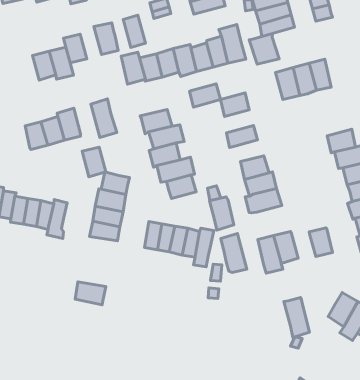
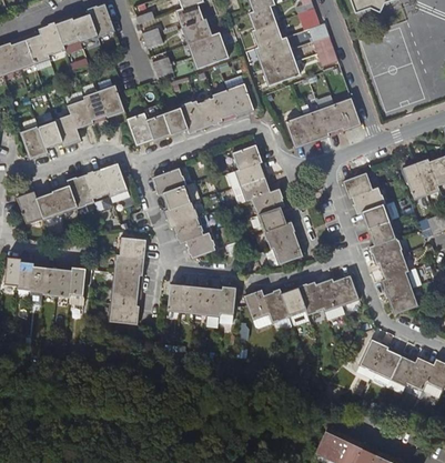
building: [123,15,145,47] -> [83,90,108,123]
building: [249,33,279,64] -> none
building: none -> [334,97,361,131]
building: none -> [21,124,48,159]
building: [189,84,220,107] -> [235,161,267,187]
building: none -> [17,191,43,224]
building: none -> [252,189,285,214]
building: [82,147,106,177] -> [84,169,110,200]
building: [209,197,234,230] -> [263,289,290,323]
building: [75,282,106,305] -> [110,303,140,324]
building: [284,298,310,337] -> [315,278,344,319]

